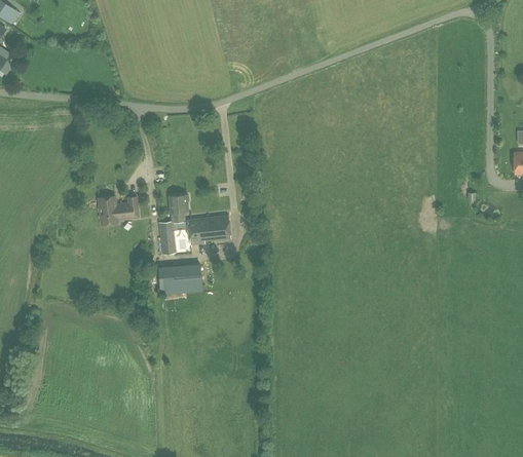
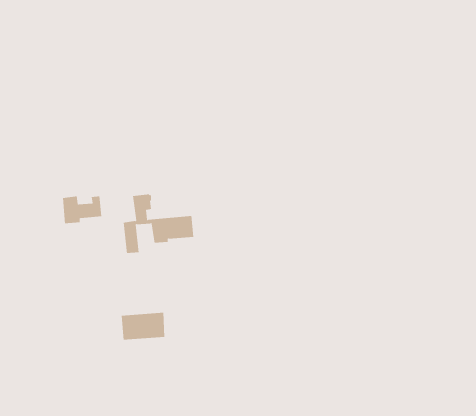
building: [157,265,201,293] -> [121,312,165,340]

